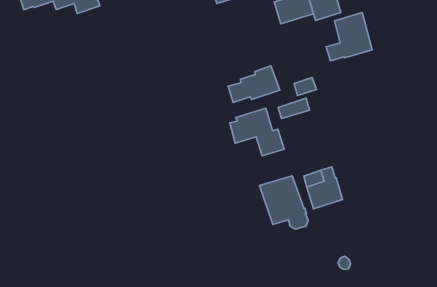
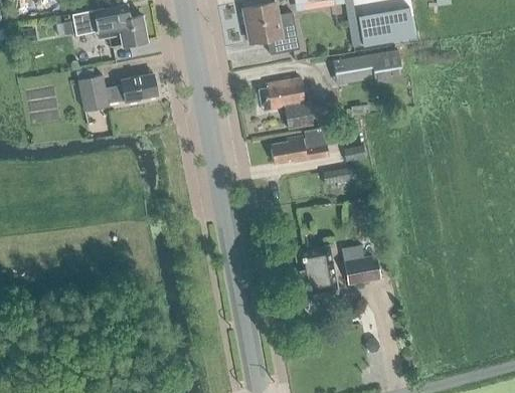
building: [326,13,372,61] -> none
building: none -> [76,66,157,111]
building: [230,108,284,156] -> [260,76,314,127]

